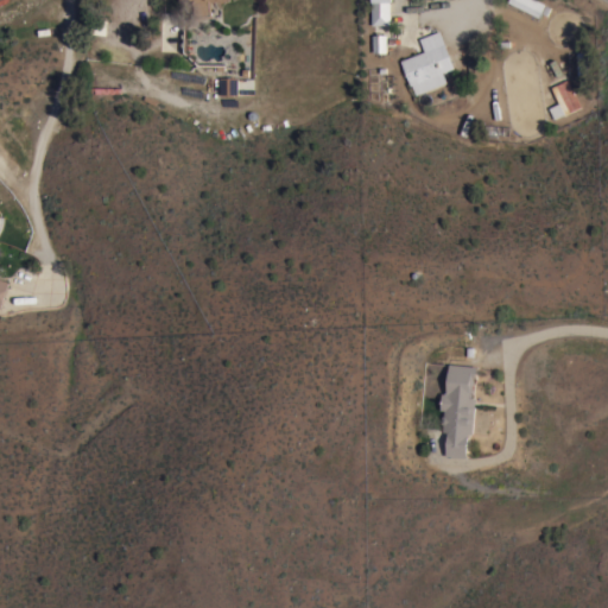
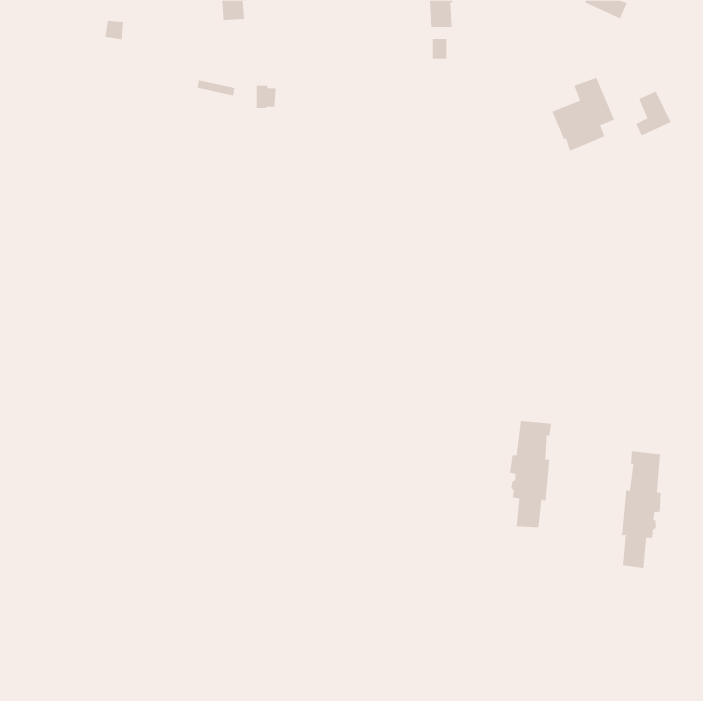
building: [400,31,455,95] -> [552,77,615,151]
building: none -> [621,451,661,569]

